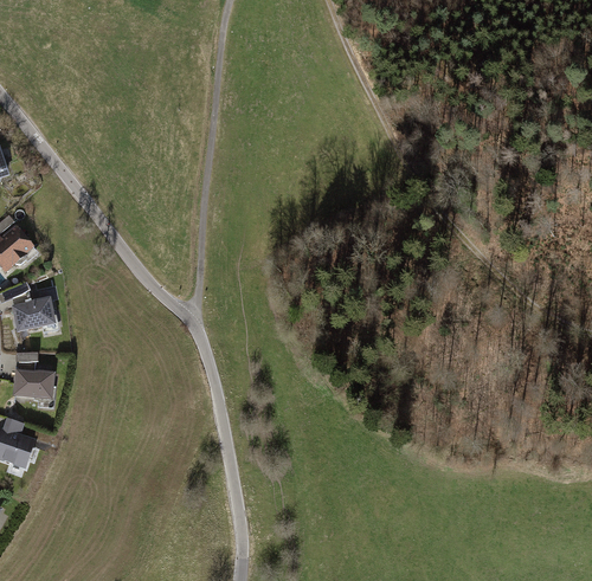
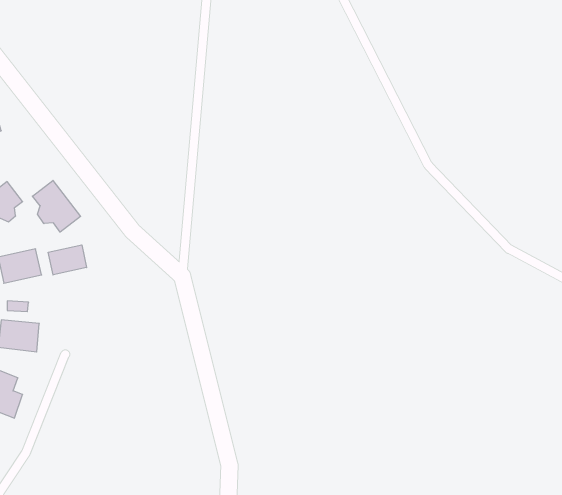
building: none -> [32,180,81,232]
building: none -> [48,245,87,275]

